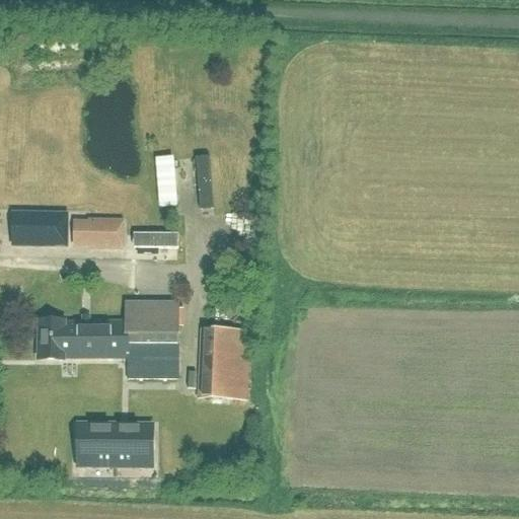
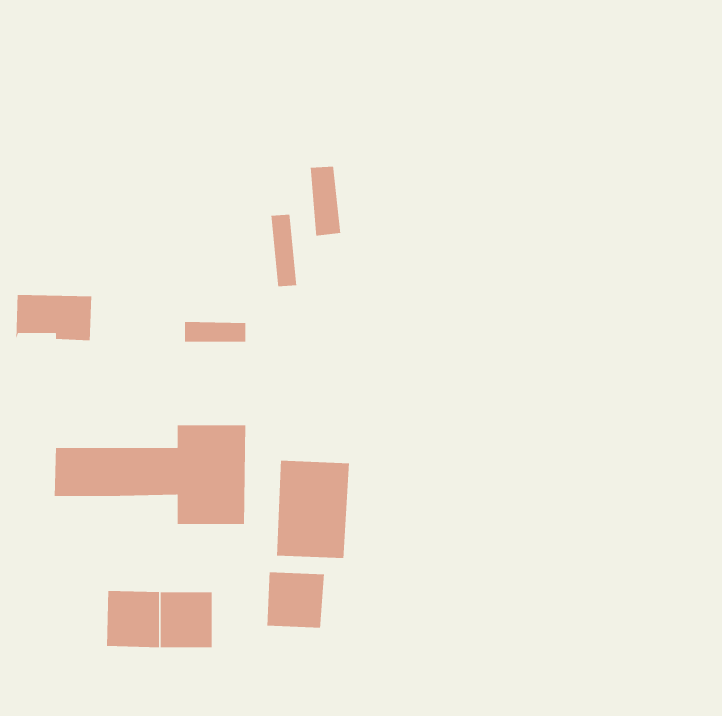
building: [154,154,176,205] -> [310,166,341,236]
building: [73,223,123,247] -> none
building: none -> [266,572,325,628]

